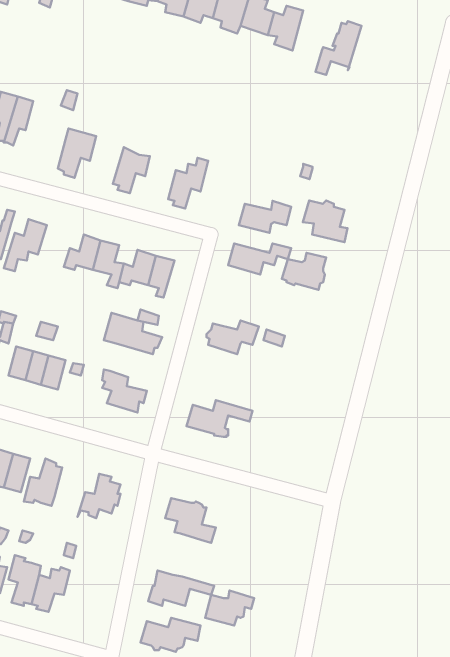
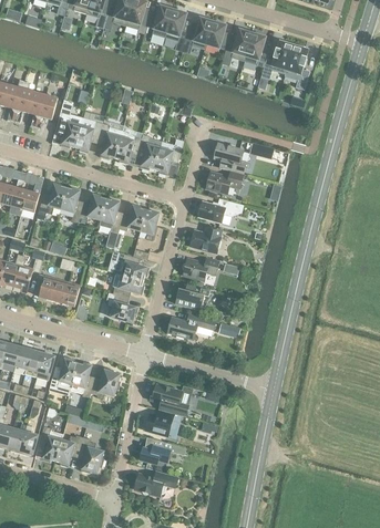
building: none -> [244,32,270,64]
building: none -> [284,43,309,90]
building: none -> [58,116,80,147]
building: none -> [97,123,122,158]
building: none -> [137,134,160,169]
building: [303,201,348,242] -> [213,143,245,173]
building: none -> [59,187,83,221]
building: [282,253,326,290] -> [189,226,222,252]
building: none -> [112,272,144,297]
building: none -> [175,282,215,310]
building: none -> [70,361,94,397]
building: none -> [79,436,104,473]
building: [205,590,254,626] -> [145,410,181,435]

